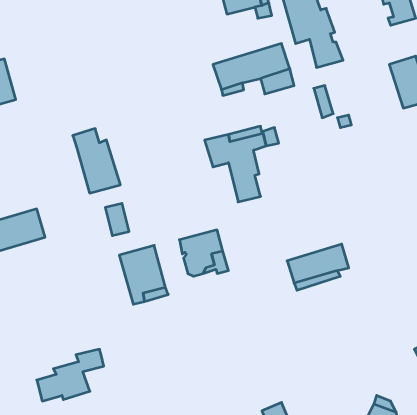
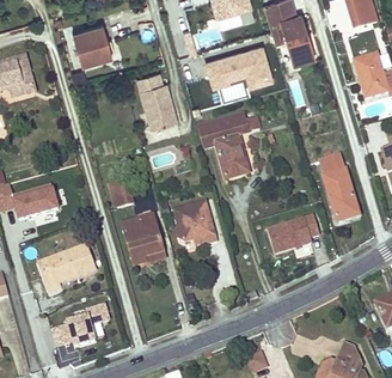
building: none -> [72,24,111,65]
building: [73,129,120,193] -> [136,74,177,129]
building: none -> [318,153,359,222]
building: none -> [39,248,94,292]

